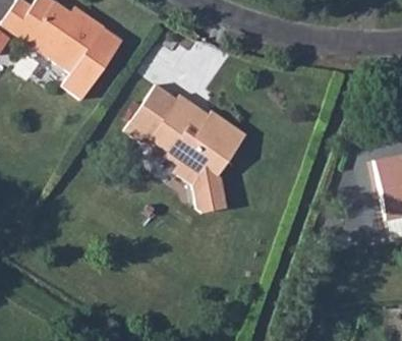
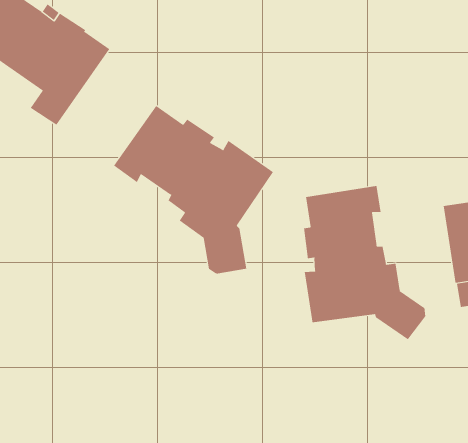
building: none -> [304,185,426,340]

